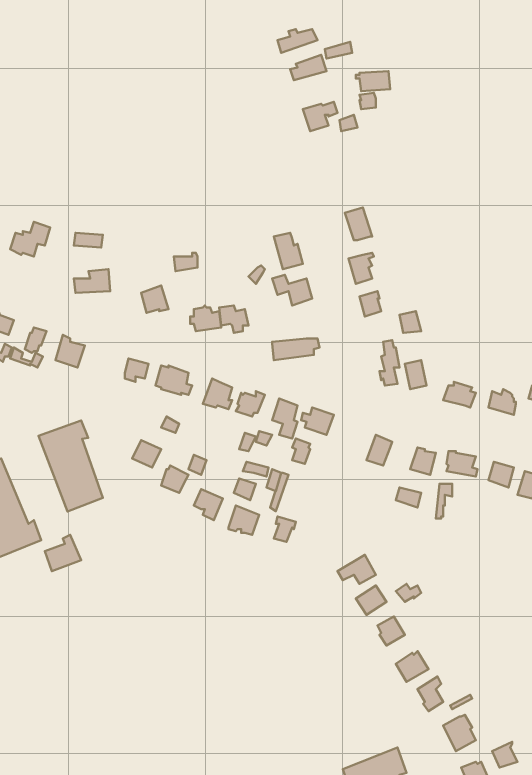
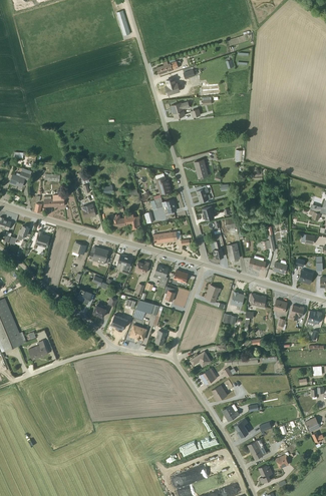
building: [38,420,103,512] -> none

